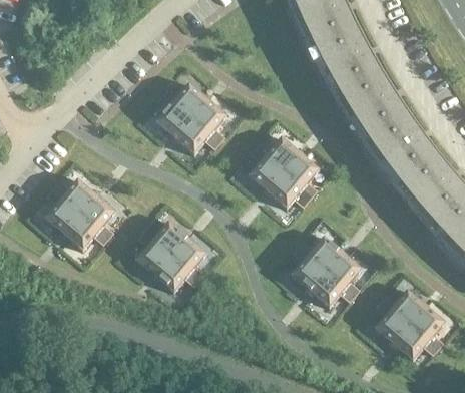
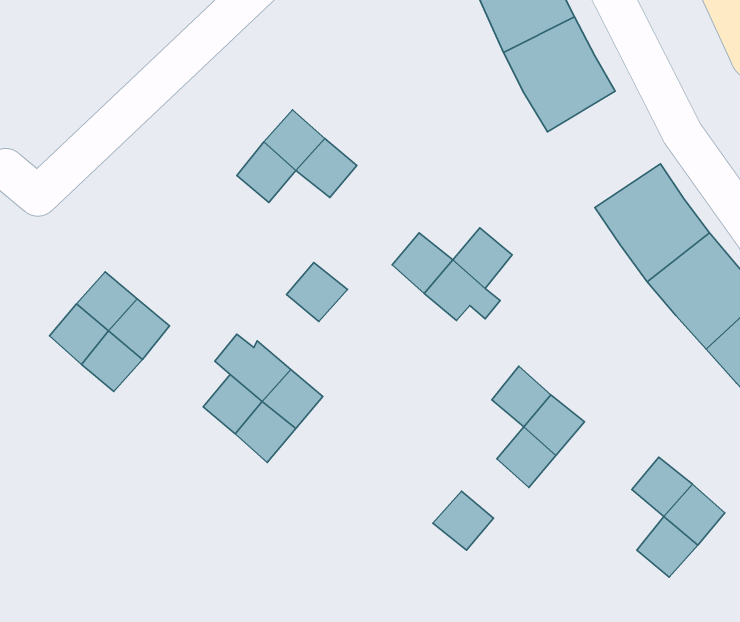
building: [341,72,408,141] -> none
building: [175,119,211,154] -> [287,262,347,322]
building: [265,137,301,172] -> none
building: [291,256,327,291] -> [433,491,493,550]
building: [375,309,410,345] -> none

